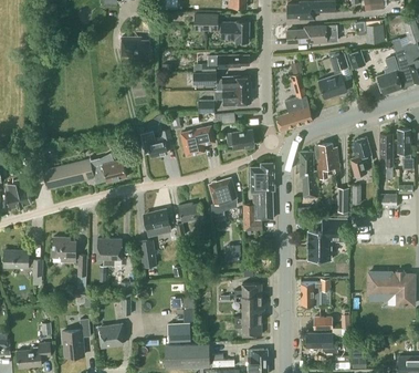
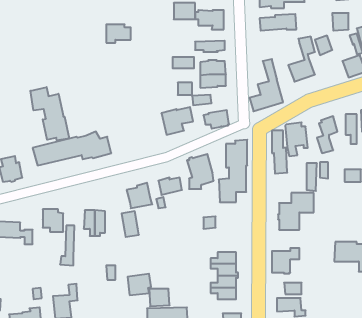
building: none -> [30,87,69,140]
building: [139,131,166,156] -> none
building: [98,323,124,346] -> [128,274,151,295]

